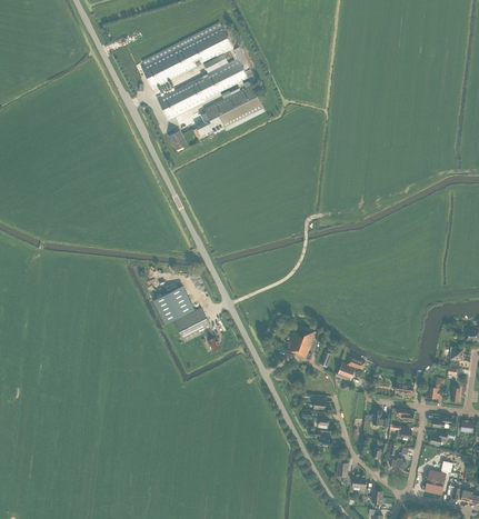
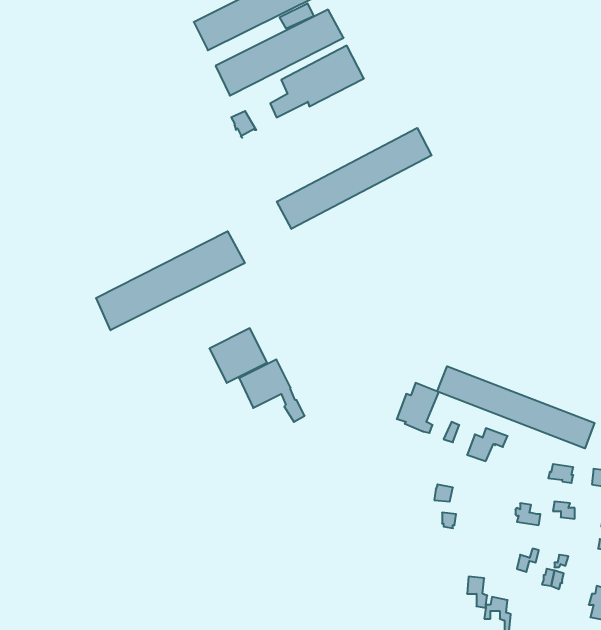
building: none -> [277,128,432,229]
building: none -> [96,231,245,330]
building: none -> [437,366,595,448]

